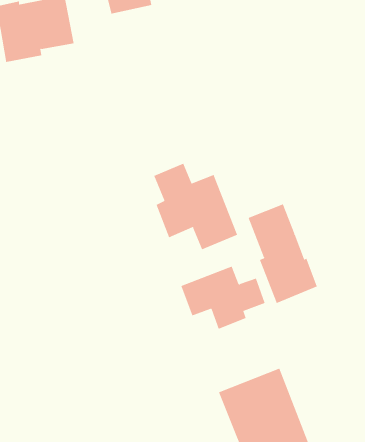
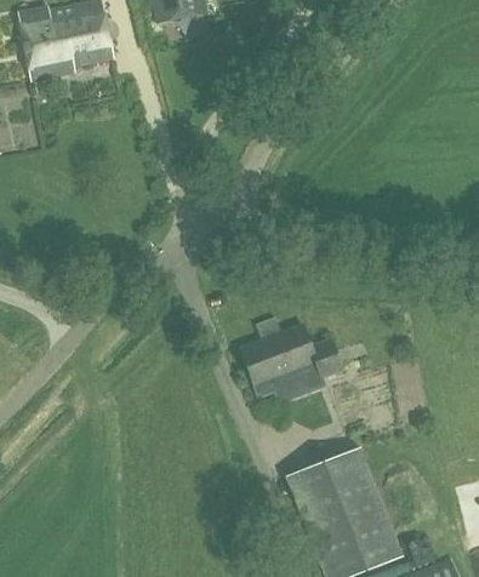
building: [154,163,238,250] -> none
building: [248,204,318,304] -> none

